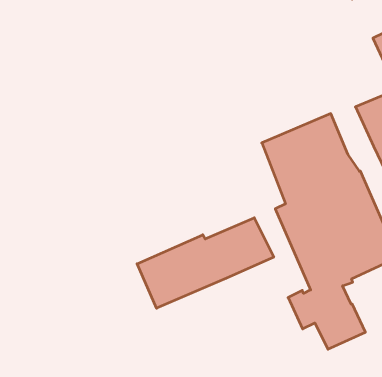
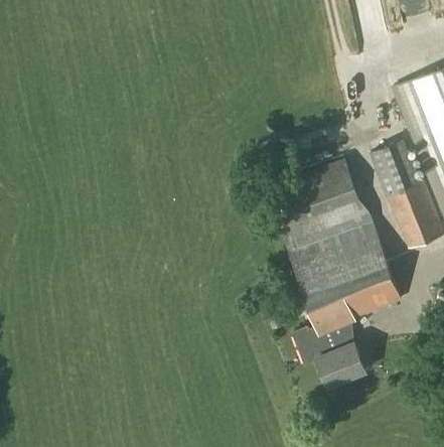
building: [137,218,274,308] -> none

